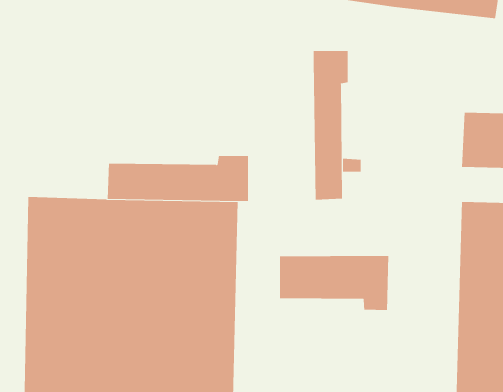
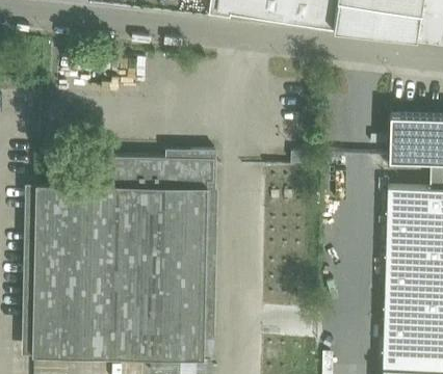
building: [313,50,348,200] -> none
building: [279,255,389,311] -> none

